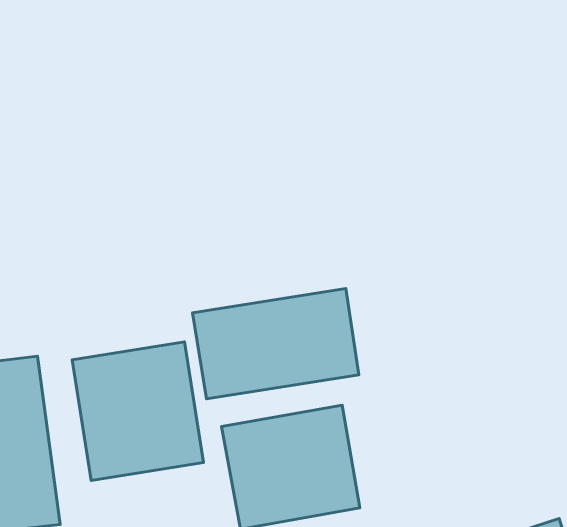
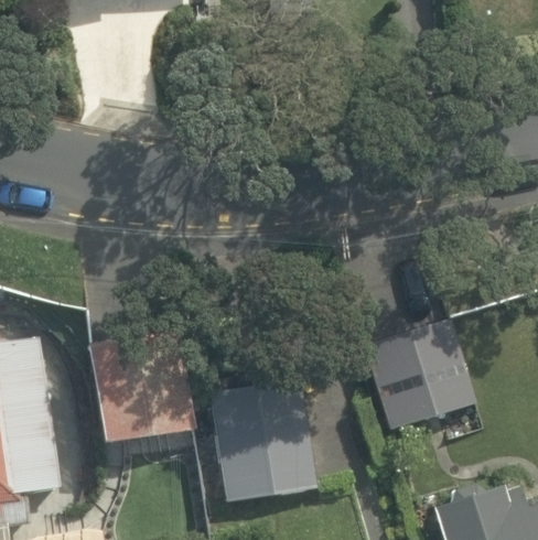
building: [192,288,359,399] -> none
building: none -> [367,330,476,432]

